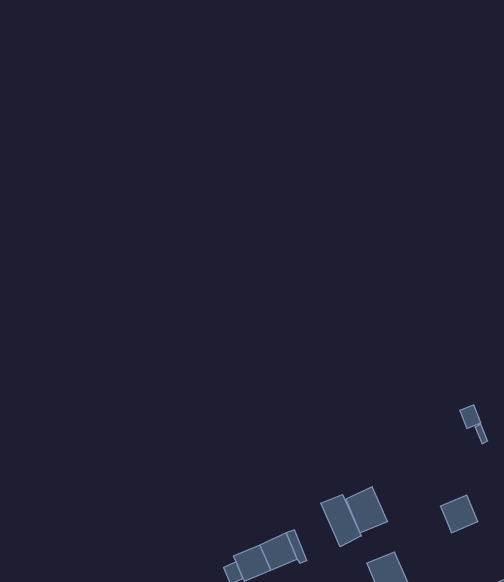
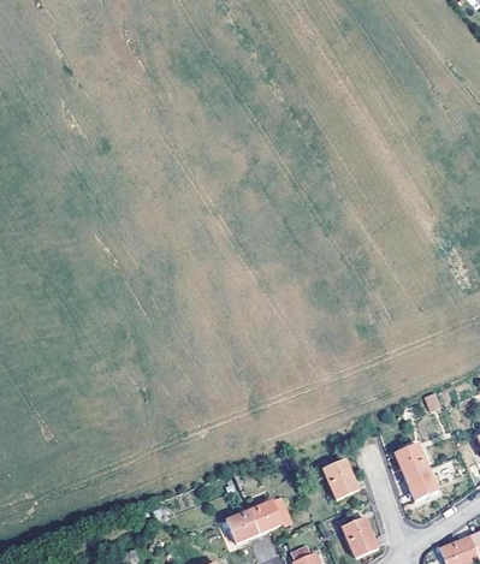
building: none -> [396,444,428,476]
building: [321,495,361,547] -> none

